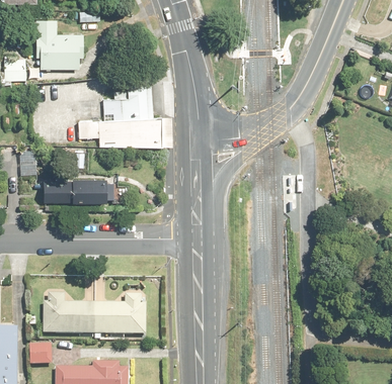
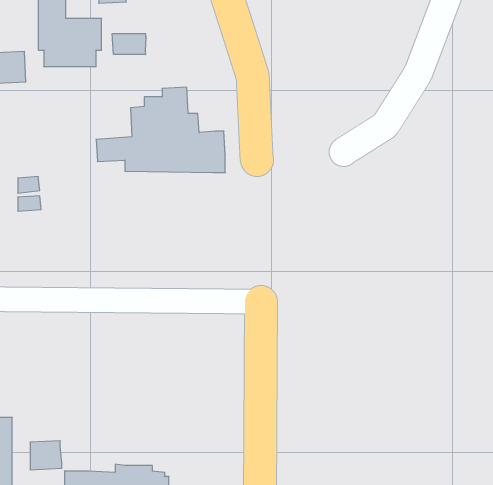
building: none -> [112,34,146,55]
building: [43,179,117,203] -> none
building: [44,293,146,333] -> none

